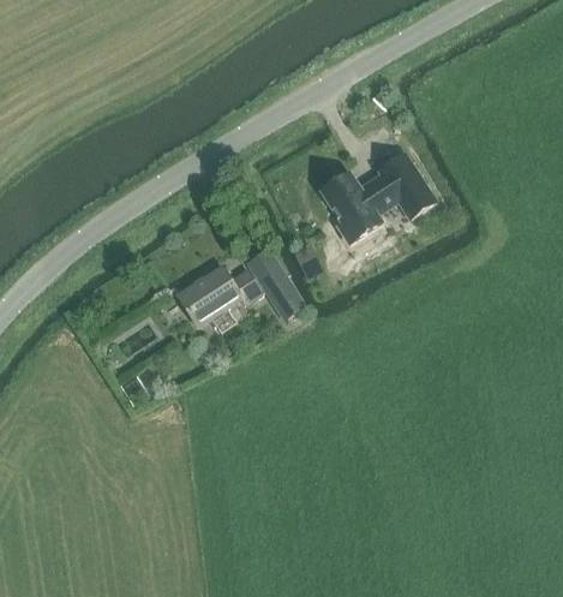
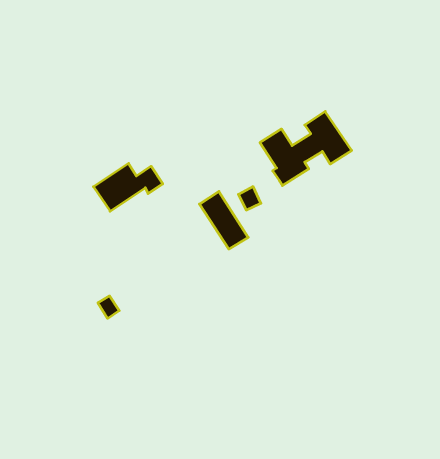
building: [176,267,262,326] -> [93,163,163,211]

